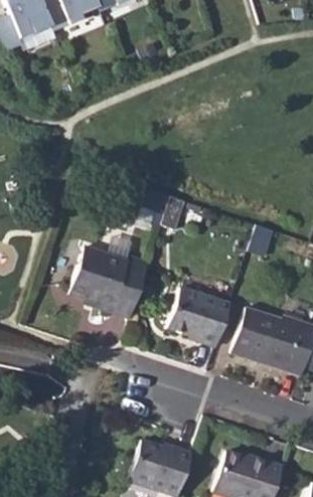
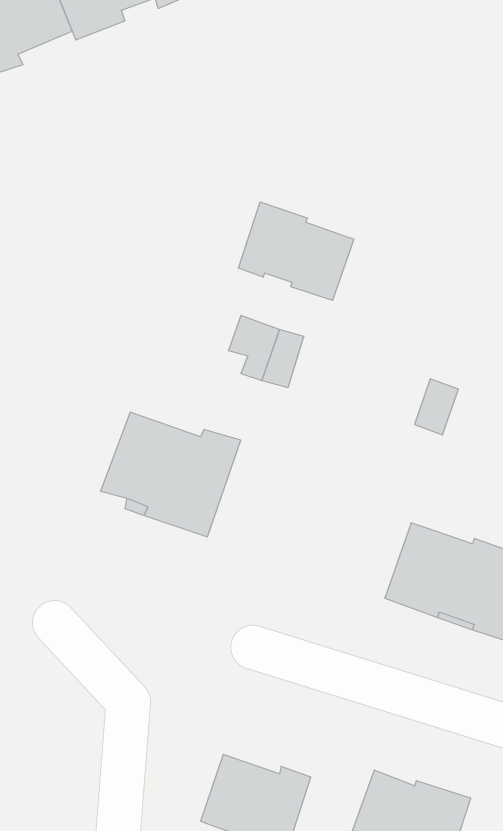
building: none -> [239,202,354,300]
building: [165,286,231,345] -> none

